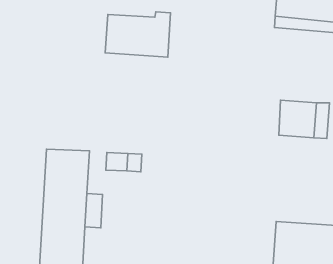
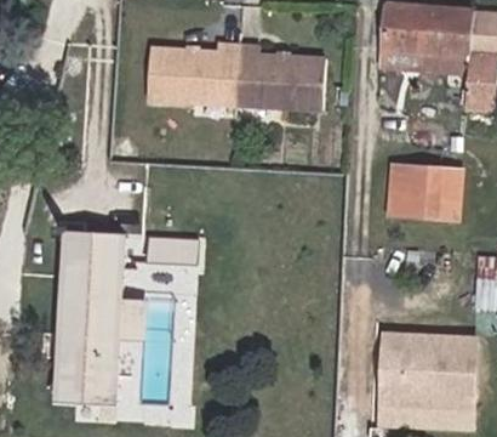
building: none -> [234,45,324,112]

